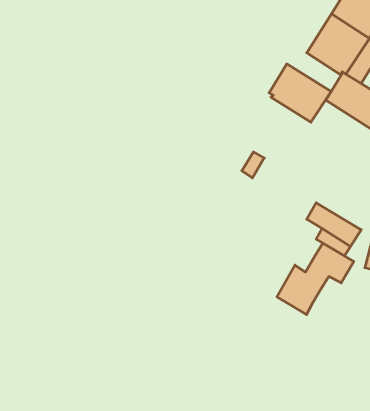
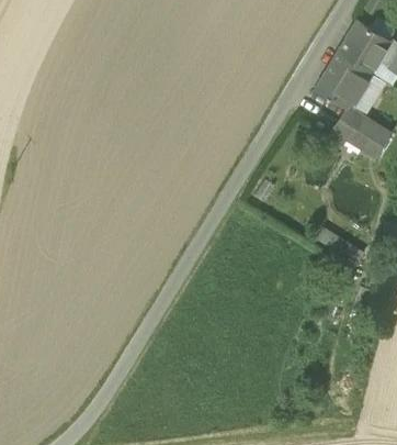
building: [269,64,331,122] -> none
building: [277,243,354,315] -> none

